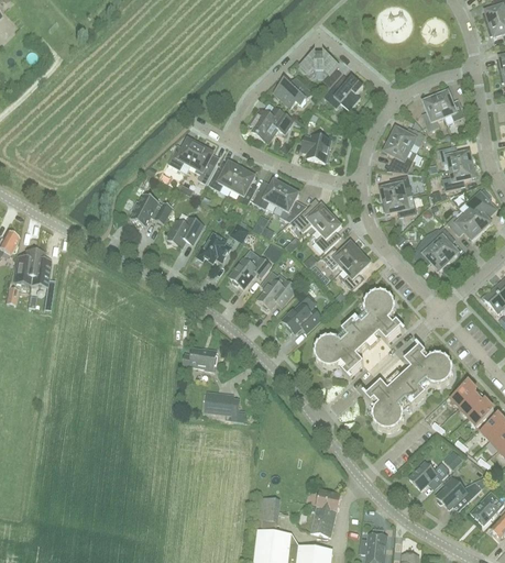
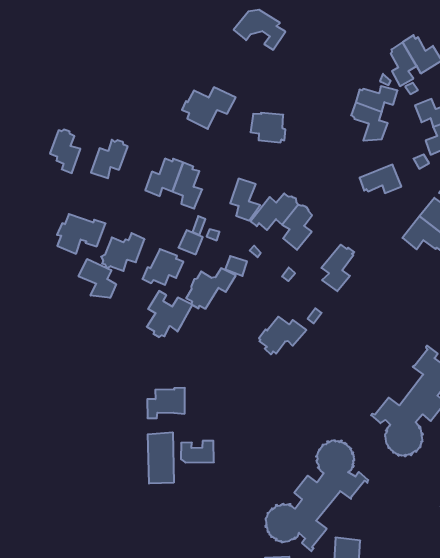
building: [323,74,363,109] -> none
building: [274,76,312,106] -> none
building: [190,145,216,181] -> [50,129,80,173]
building: [381,173,413,199] -> none
building: [253,178,286,207] -> none
building: none -> [79,259,116,298]
building: [322,240,361,267] -> none
building: [257,269,297,307] -> [147,291,192,337]
building: [315,290,404,377] -> [265,440,368,551]
building: none -> [148,432,174,484]

